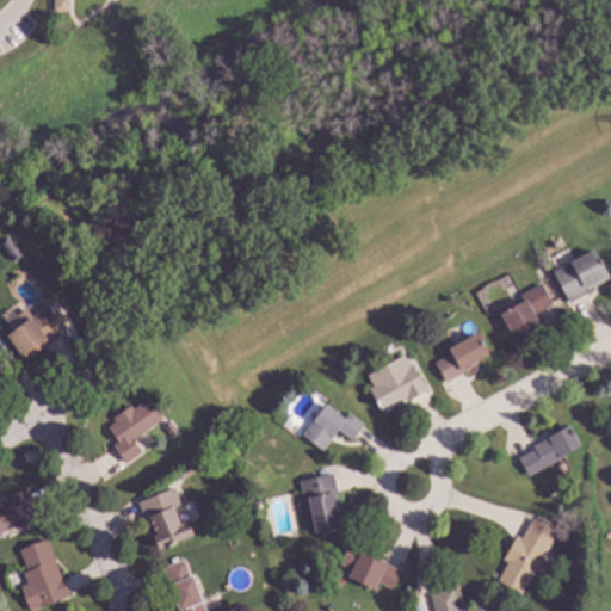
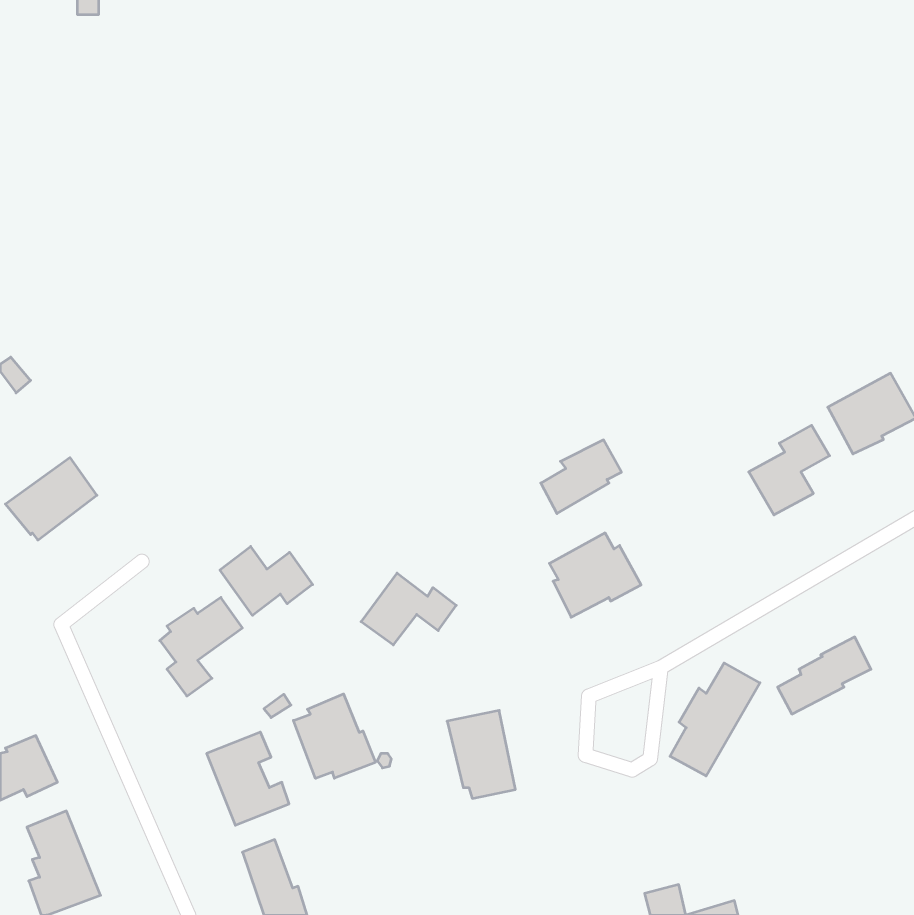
building: [436,333,489,382] -> [541,440,621,514]
building: none -> [220,546,313,615]
building: [302,402,365,450] -> [361,573,456,645]
building: none -> [293,694,375,778]
building: [498,518,557,593] -> [670,663,760,776]
building: [340,544,402,588] -> none

